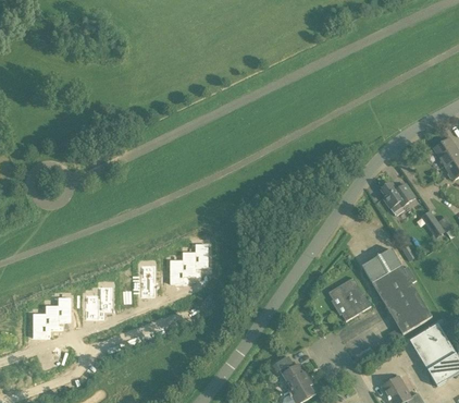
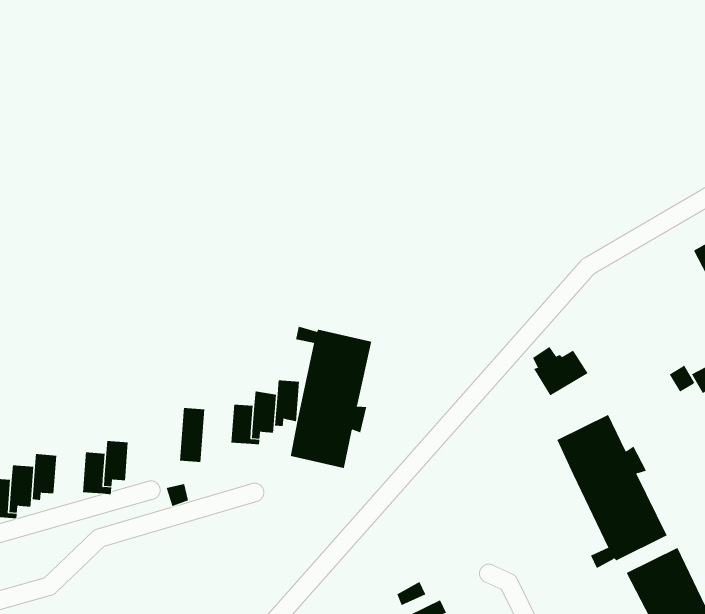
building: [381,183,414,212] -> [532,346,588,396]
building: none -> [290,326,372,469]
building: [327,277,370,321] -> none

